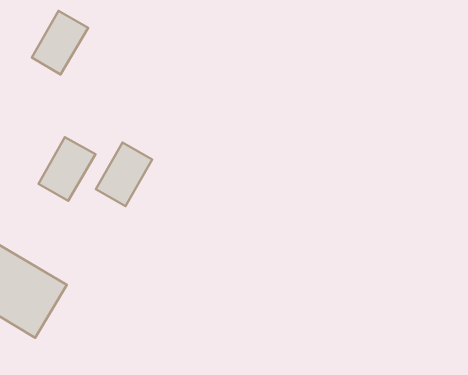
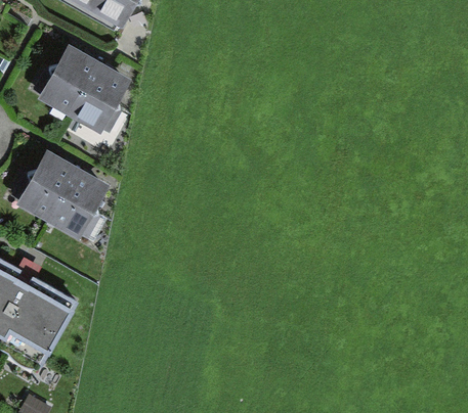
building: none -> [71,64,126,126]
building: [96,142,152,206] -> [20,153,75,215]

